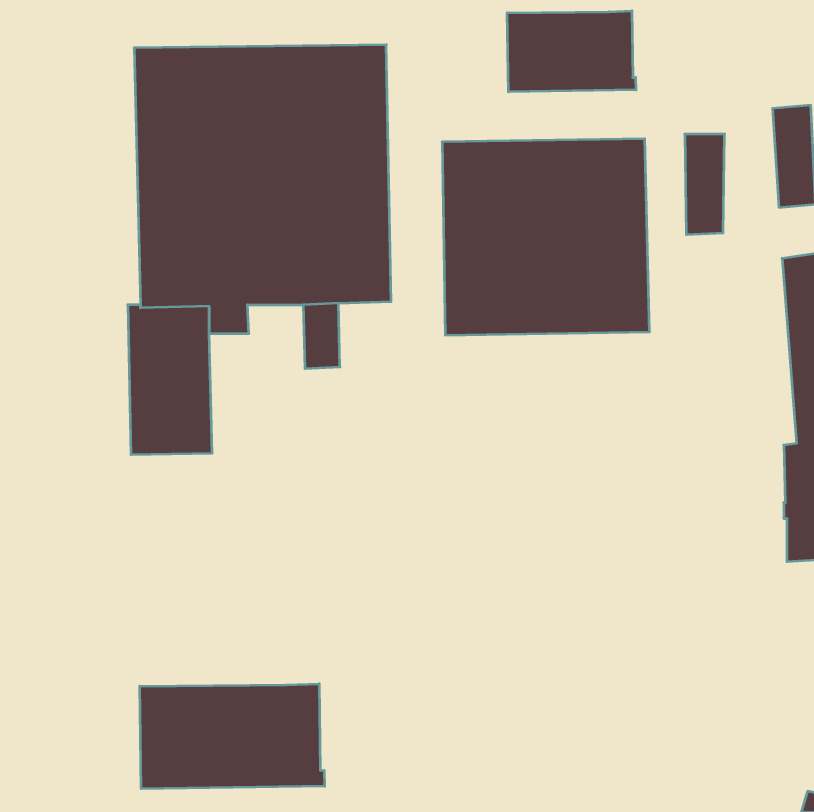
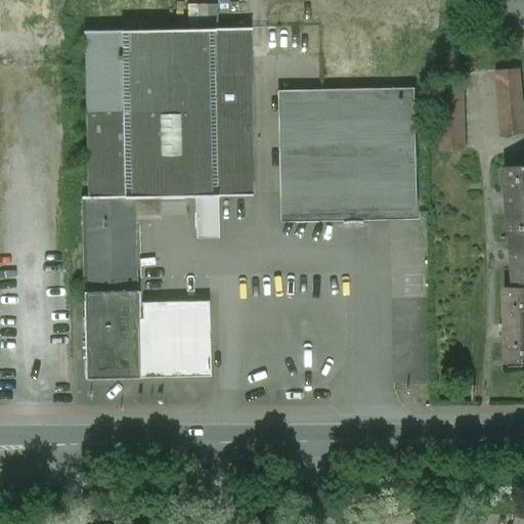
building: [507,11,636,92] -> none
building: none -> [85,291,211,378]
building: [140,684,325,789] -> none

